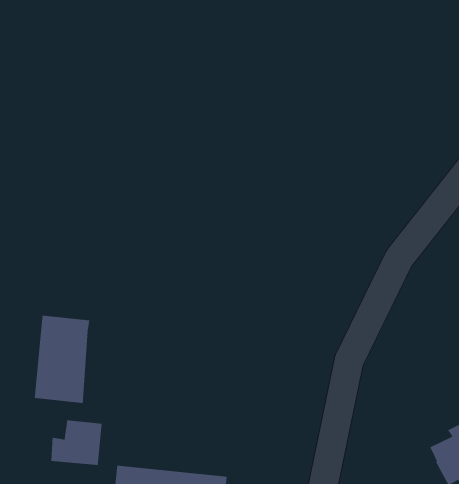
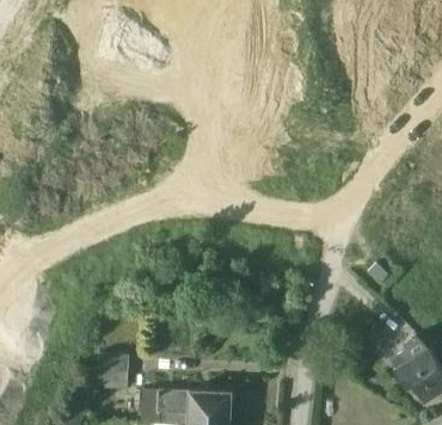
building: [34,315,90,404] -> none

